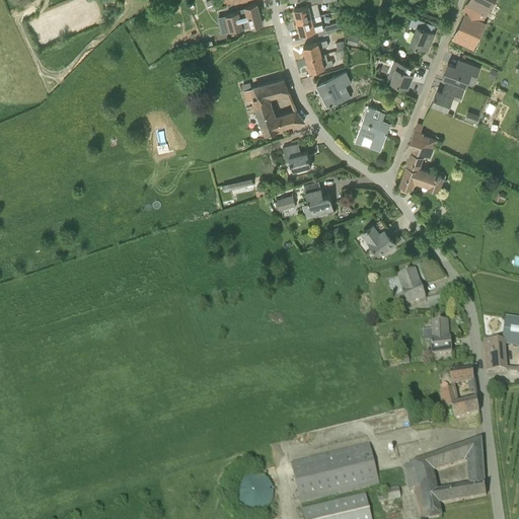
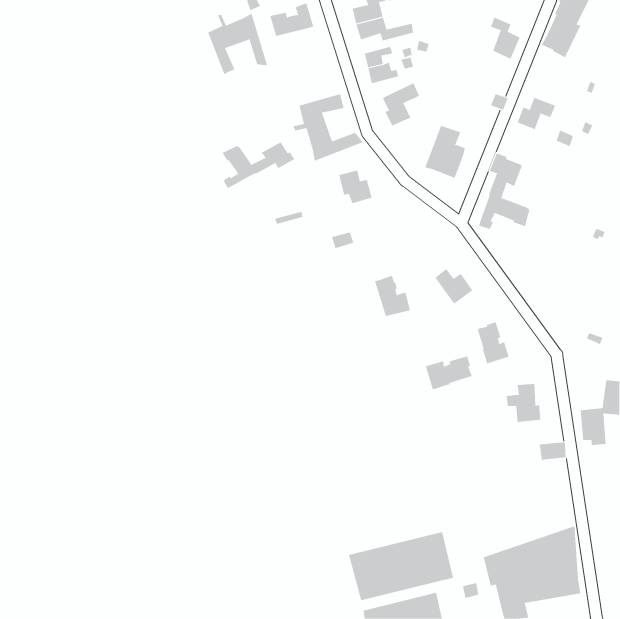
building: none -> [208,13,268,75]
building: [389,60,414,88] -> none
building: [442,60,479,85] -> none
building: none -> [222,142,295,189]
building: [303,179,333,214] -> [374,275,411,316]
building: none -> [425,355,473,390]
building: [441,389,478,418] -> none
building: [240,475,274,508] -> none

